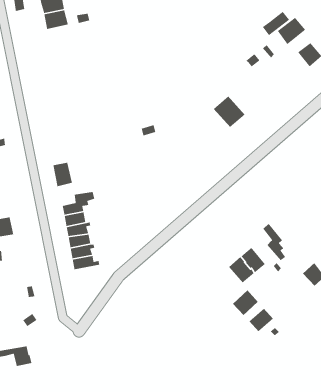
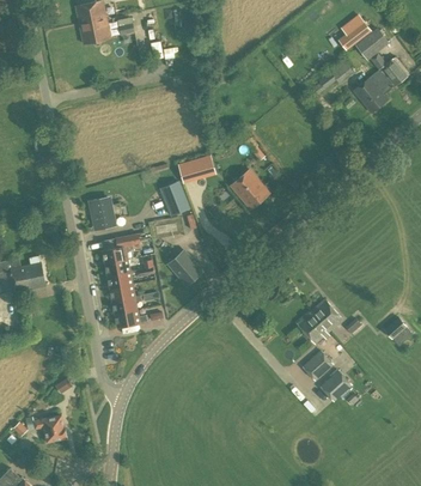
building: none -> [353,69,392,113]
building: [213,96,245,128] -> [230,170,268,208]
building: none -> [159,178,189,214]
building: none -> [166,250,201,285]
building: [262,223,286,261] -> none

